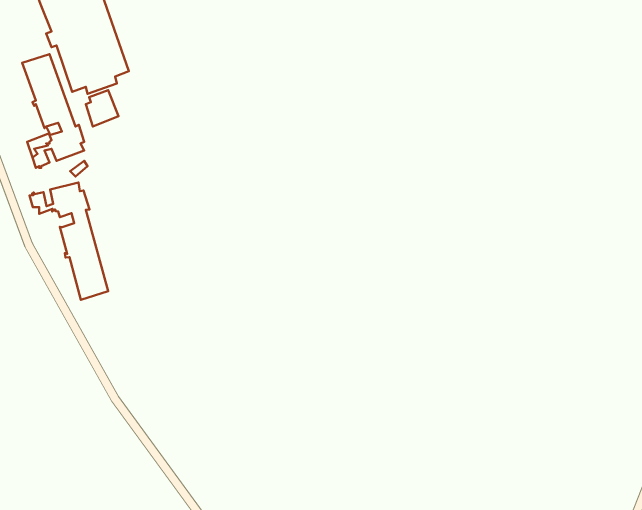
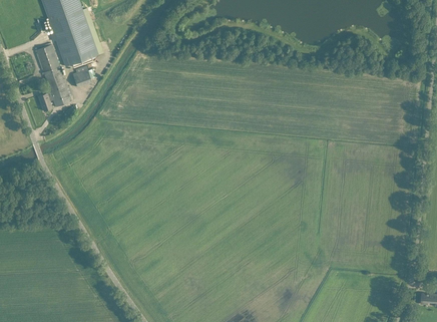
building: [29,183,108,300] -> none

